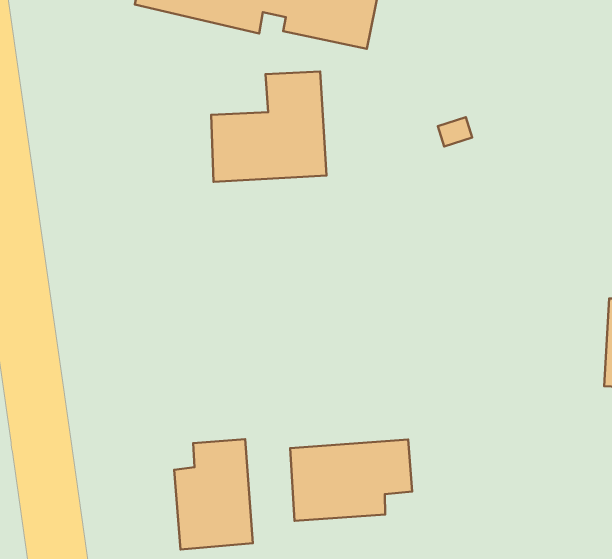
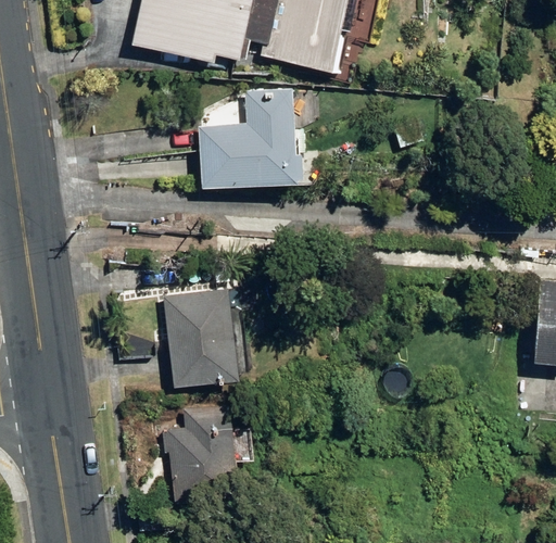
building: none -> [165,290,239,383]
building: [290,440,412,521] -> none

